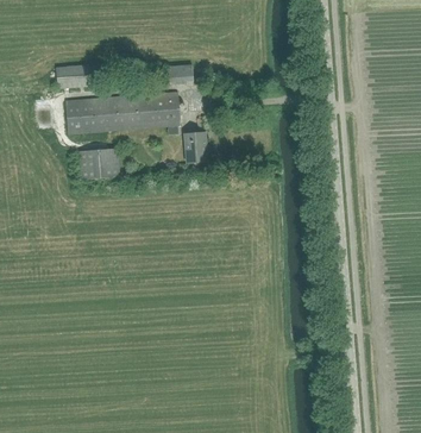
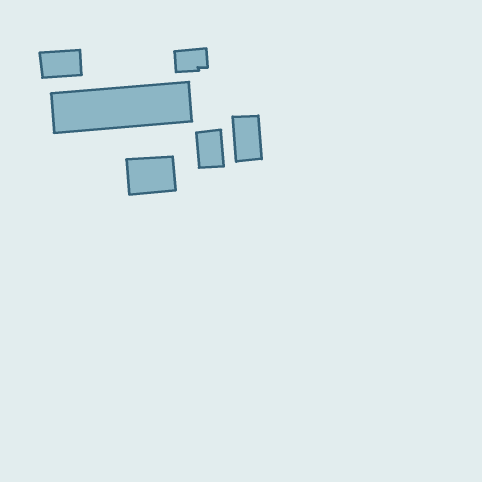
building: none -> [233,116,262,162]
building: [78,149,119,180] -> [126,157,176,194]

